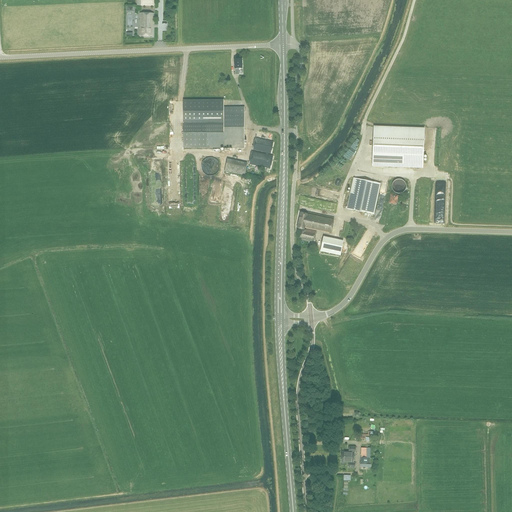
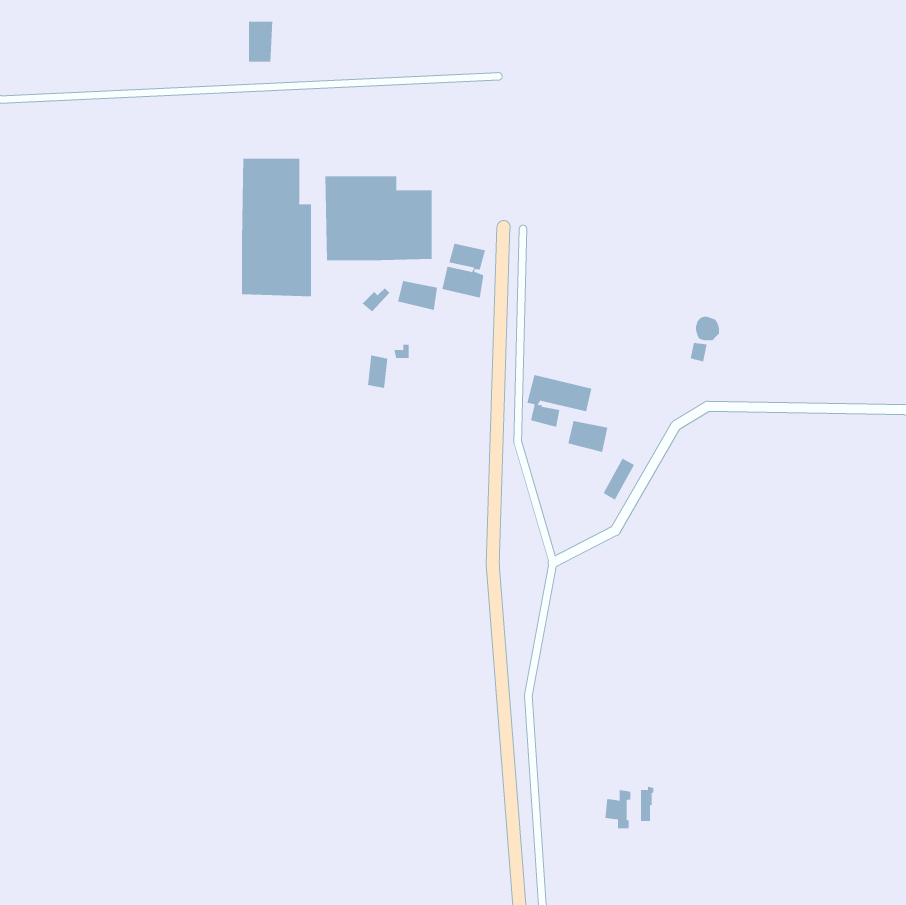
building: none -> [241,158,311,297]
building: [373,126,424,166] -> none
building: [346,177,379,213] -> none

